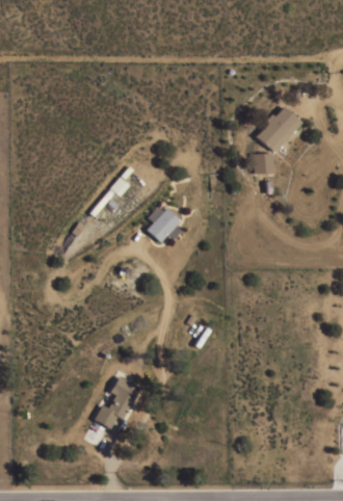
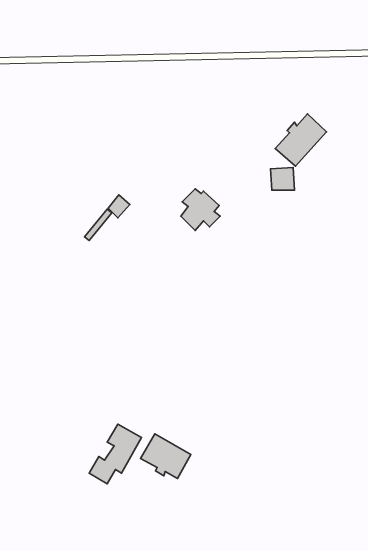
building: [146,208,180,244] -> [181,189,220,231]
building: none -> [141,434,191,479]

